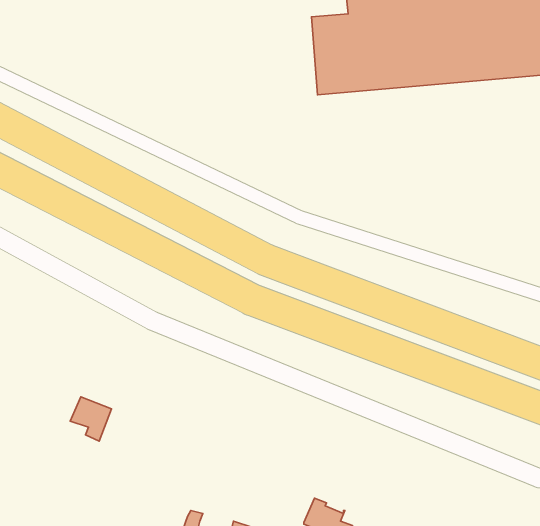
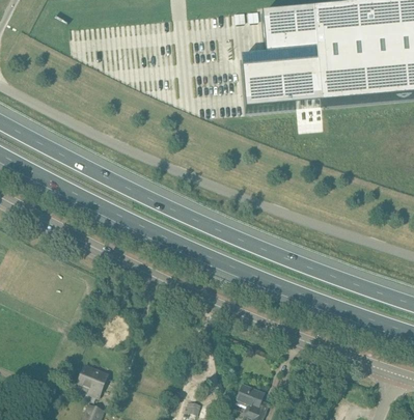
building: [70,397,111,441] -> [79,362,107,392]

